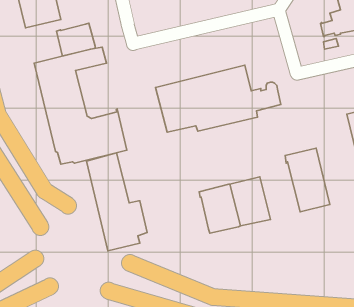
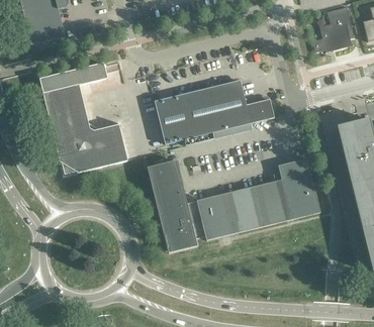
building: [56,23,95,56] -> none
building: [87,153,147,251] -> [148,158,205,251]
building: none -> [254,171,292,225]

